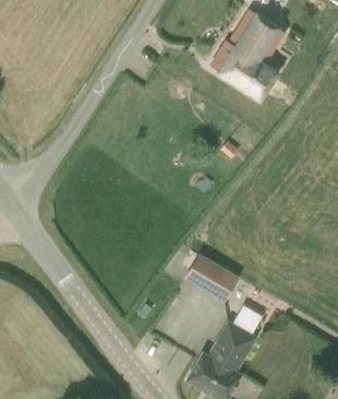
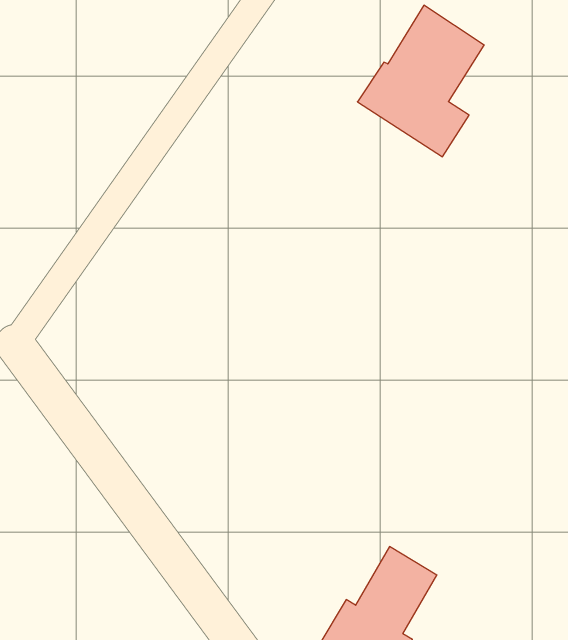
building: [186,255,239,301] -> none

